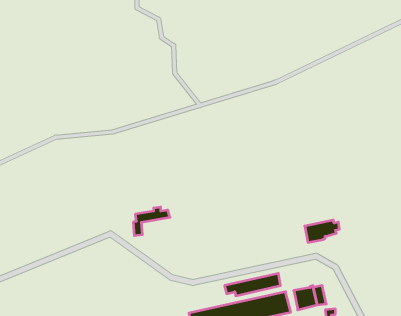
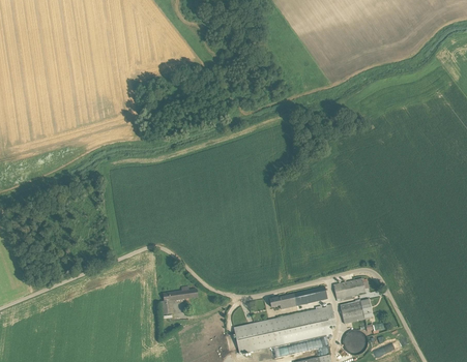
building: [133,207,170,236] -> [160,285,198,314]
building: [305,220,339,242] -> [333,278,369,301]

